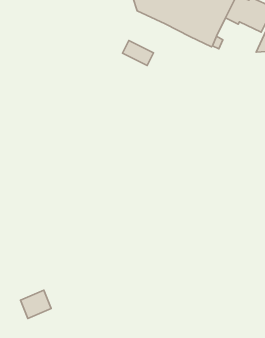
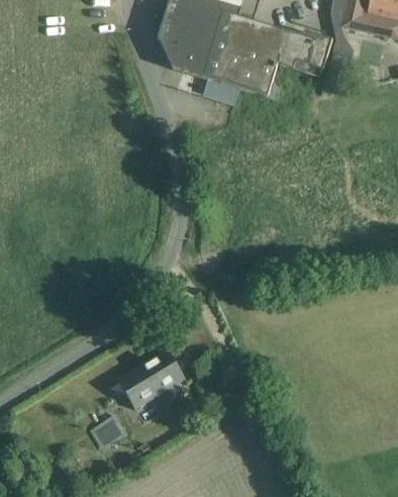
building: [122,40,153,66] -> [203,79,239,105]
building: none -> [117,350,185,408]

